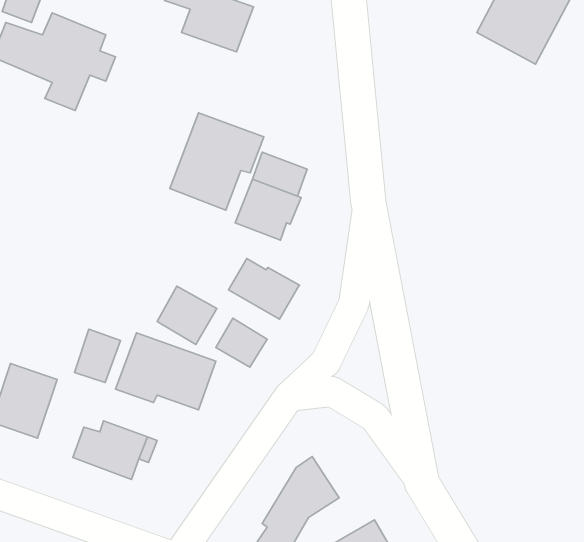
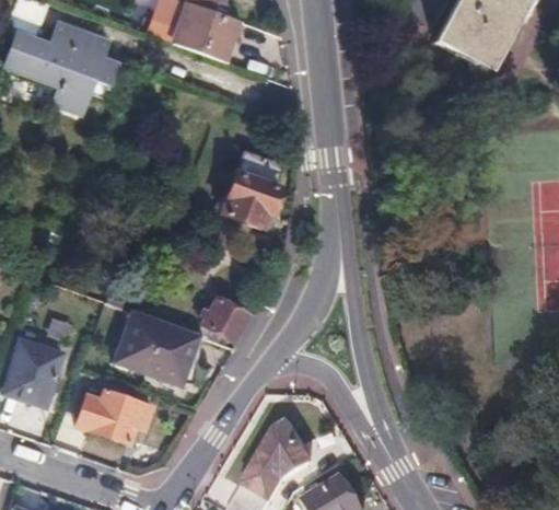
building: [170,113,264,210] -> none
building: [229,258,299,319] -> none
building: [157,286,217,344] -> none
building: [74,329,120,382] -> none

